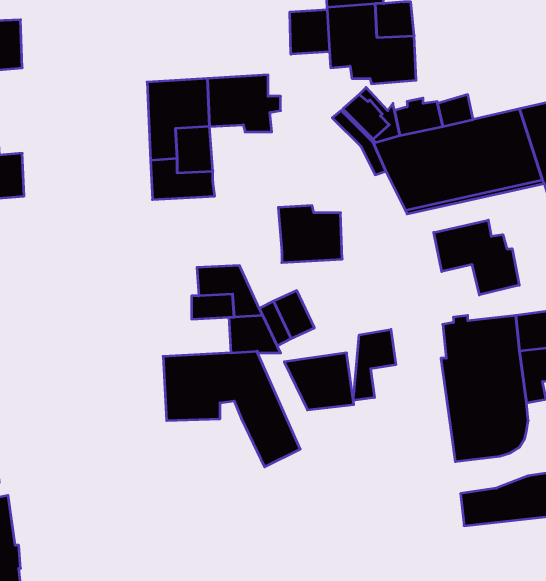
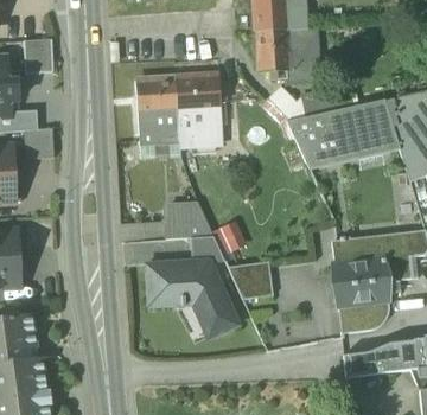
building: [290,10,329,54] -> none
building: [278,206,342,263] -> [177,109,219,147]
building: [434,220,519,295] -> none
building: [353,329,396,400] -> none

